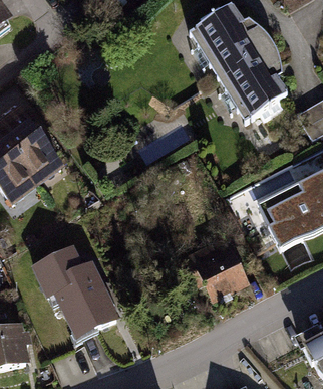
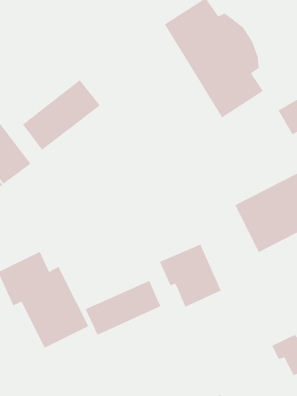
building: none -> [22,79,101,151]
building: none -> [85,280,162,336]

